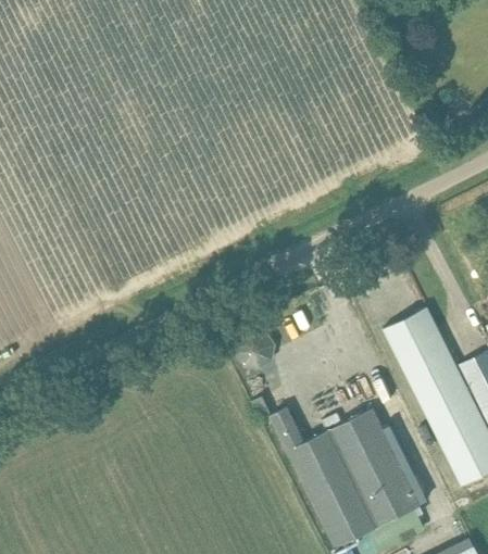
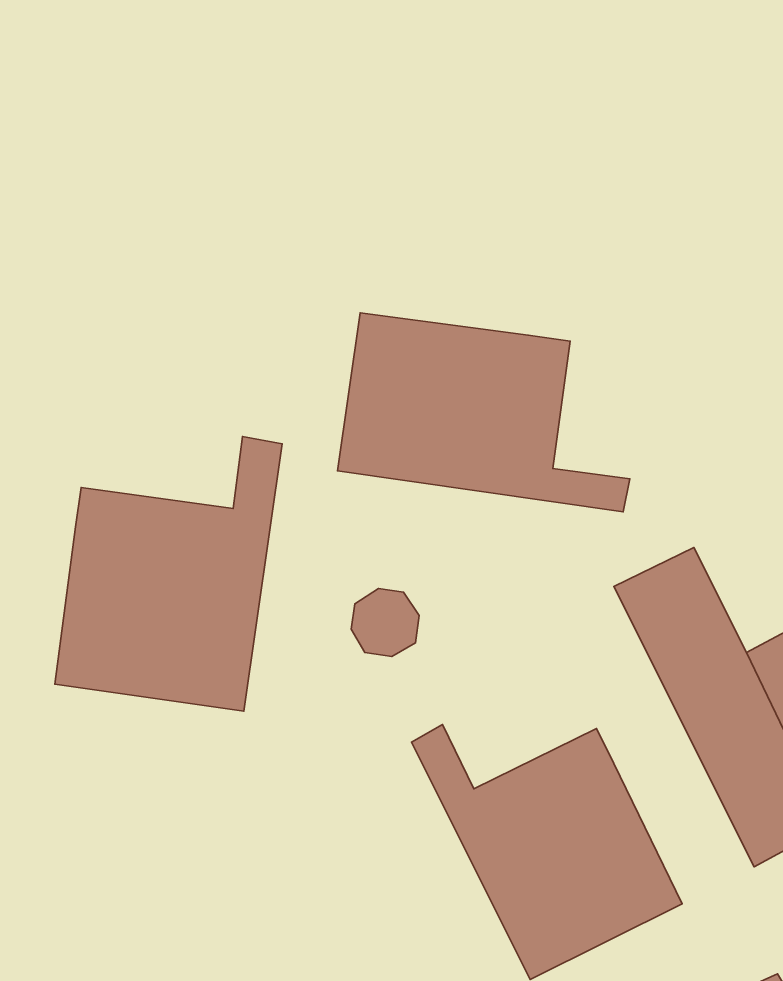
building: none -> [338,313,630,512]
building: none -> [55,436,282,711]

